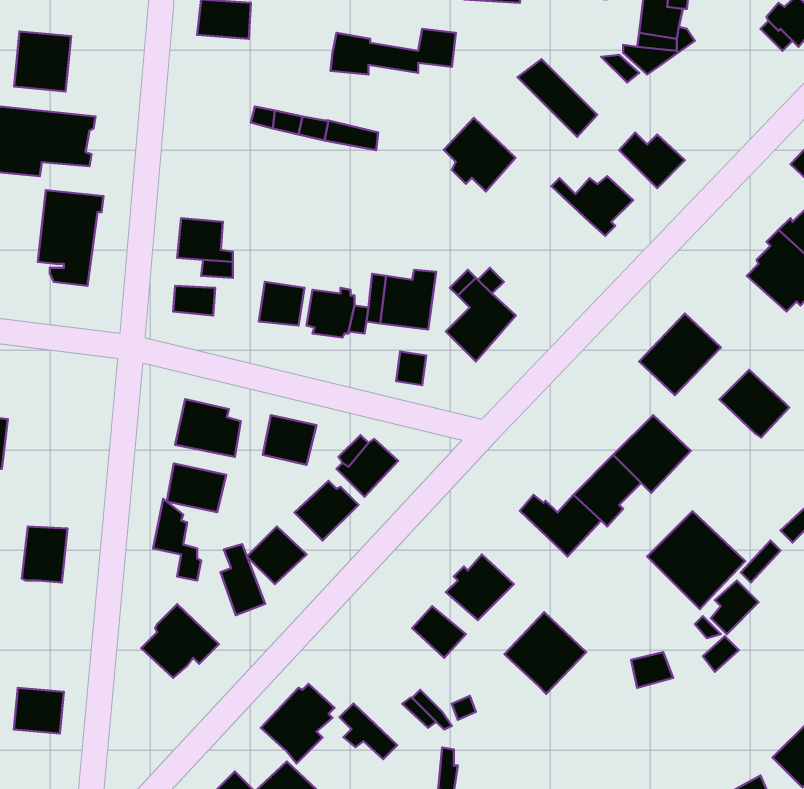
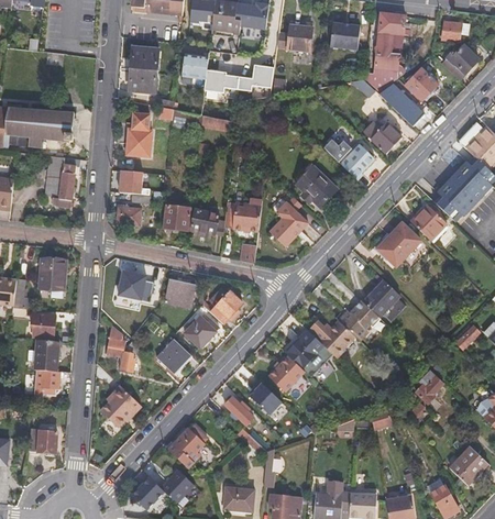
building: none -> [183,55,208,78]
building: [14,31,71,91] -> none
building: none -> [129,68,158,95]
building: none -> [404,69,435,100]
building: [517,59,597,137] -> [381,82,425,125]
building: none -> [127,111,153,157]
building: [444,118,516,192] -> [296,167,336,208]
building: [719,370,789,437] -> [410,205,449,242]
building: none -> [37,257,64,290]
building: [167,464,226,512] -> none
building: none -> [30,312,54,338]
building: [647,511,745,609] -> none
building: [221,544,265,615] -> none
building: none -> [33,369,59,398]
building: [504,612,586,694] -> [286,331,331,376]
building: [339,703,397,759] -> [224,396,256,427]

